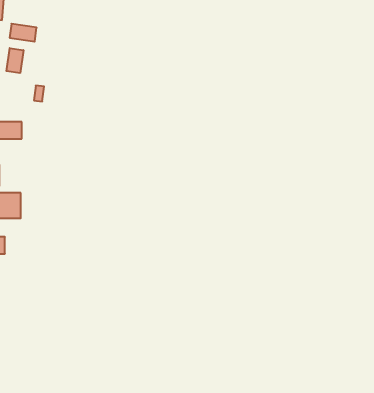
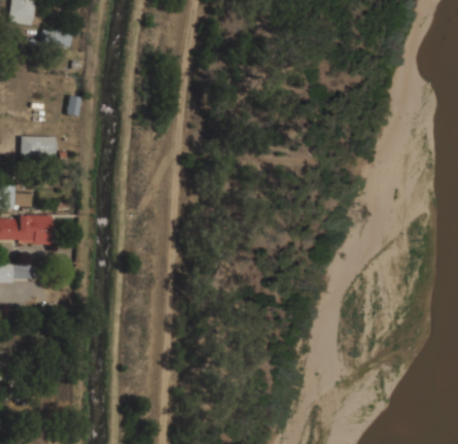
building: [6,48,23,73] -> none

